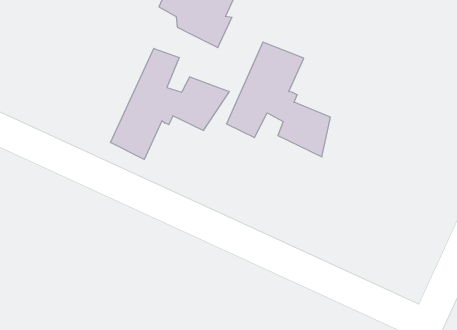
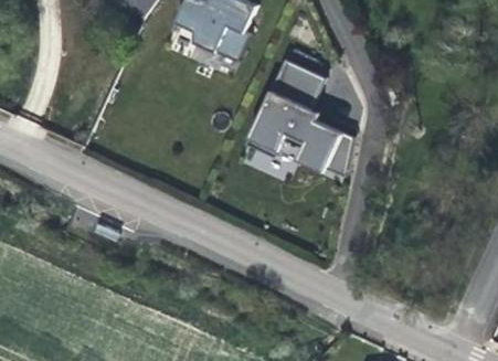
building: [111,48,229,159] -> none

